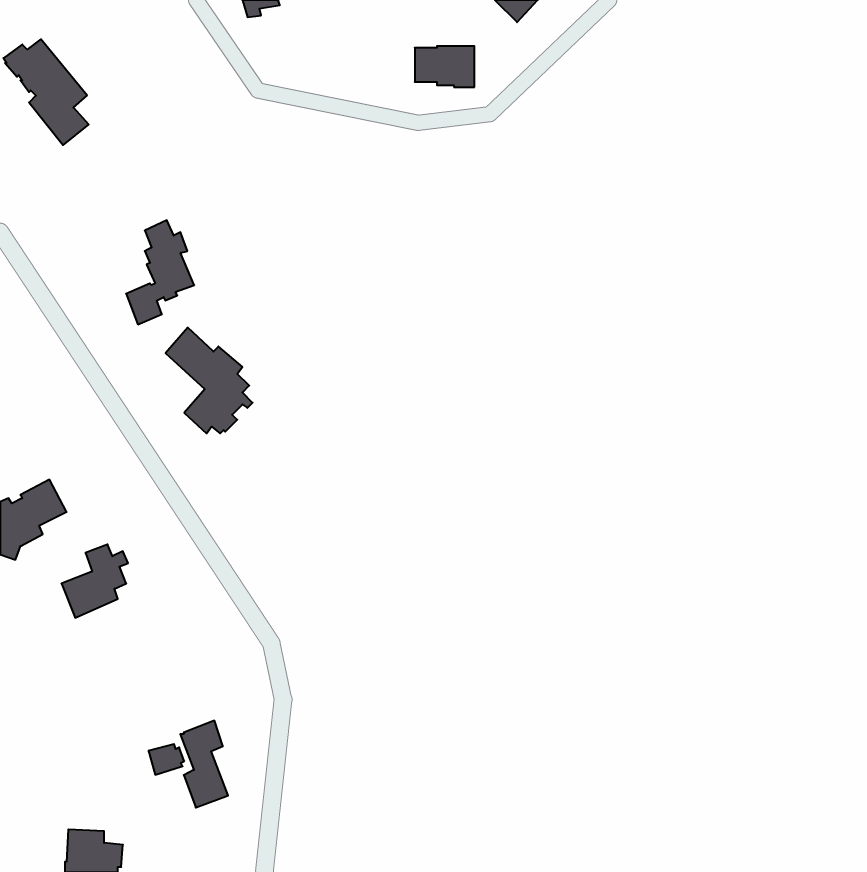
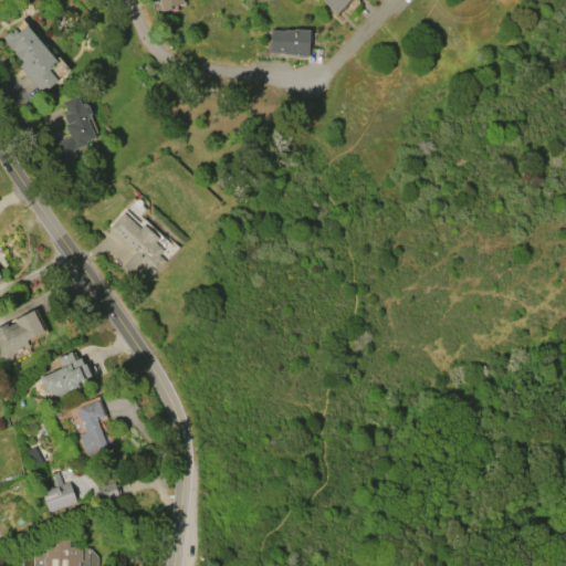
building: [126,220,194,324] -> [53,96,97,164]
building: [180,721,228,808] -> [78,400,109,457]
building: none -> [43,472,78,513]

